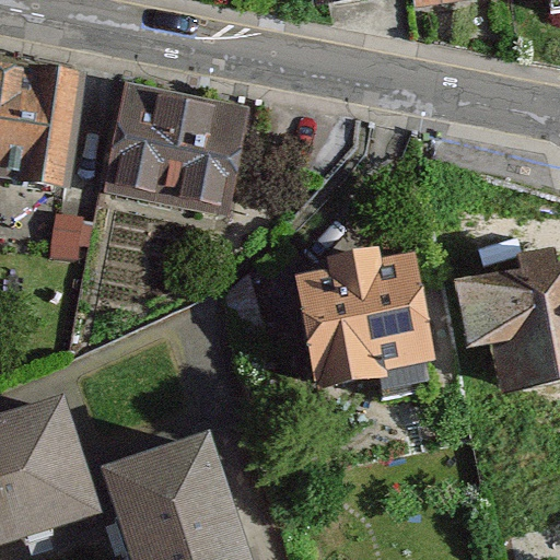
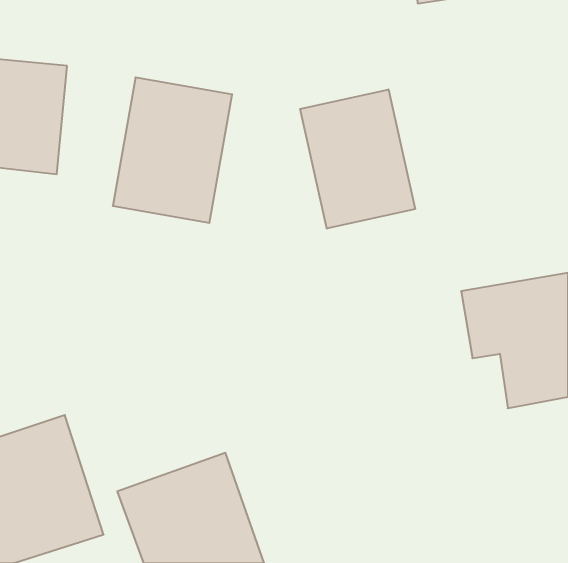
building: none -> [300,89,415,229]
building: [301,246,440,393] -> none

